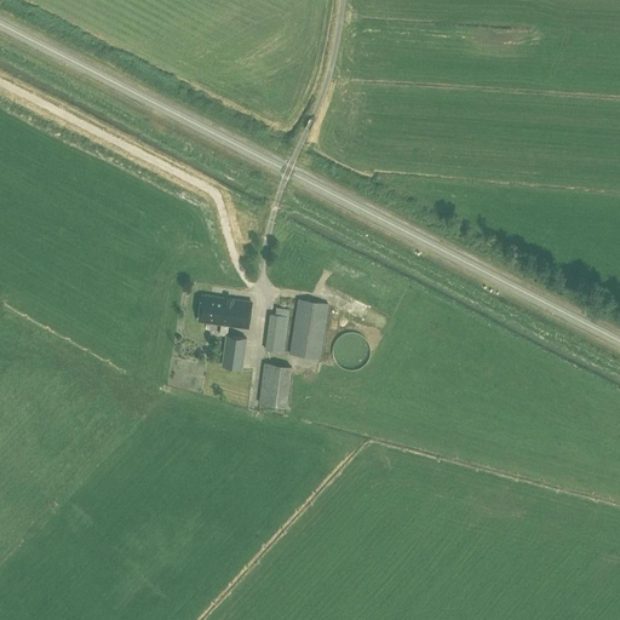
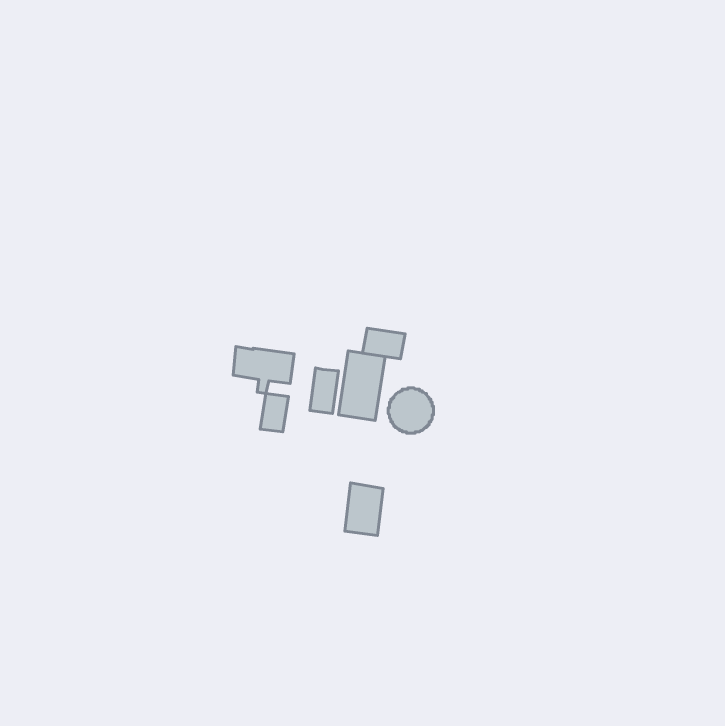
building: none -> [362,328,405,359]
building: [258,362,291,407] -> [345,483,383,535]

